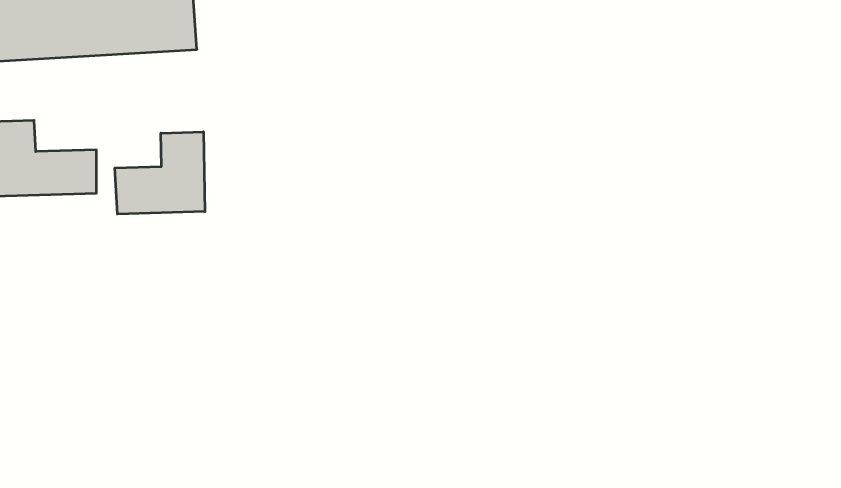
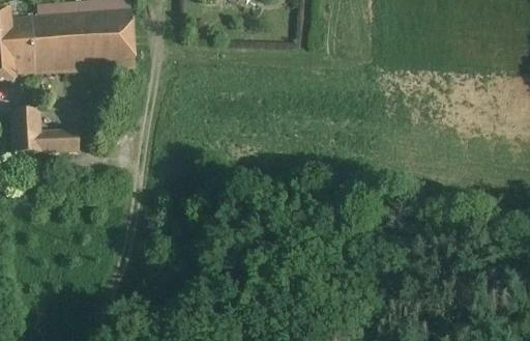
building: [115,132,205,214] -> none

